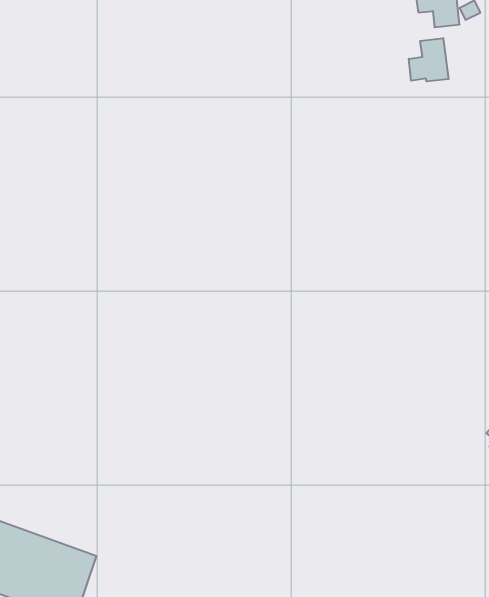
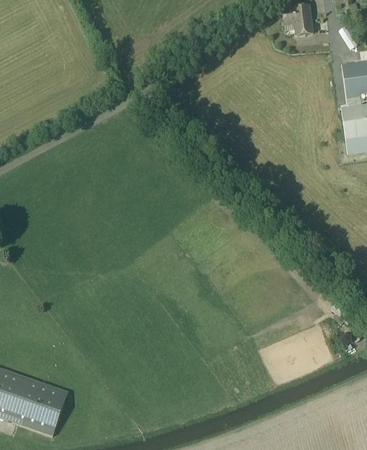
building: [409,38,449,81] -> none

